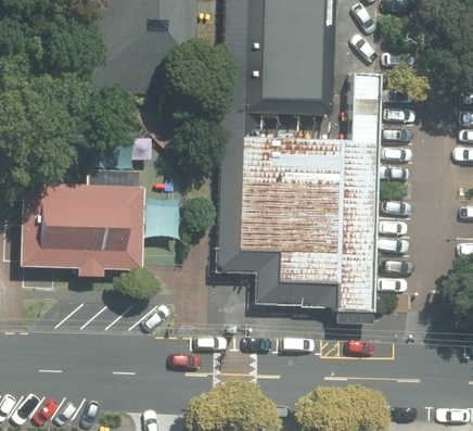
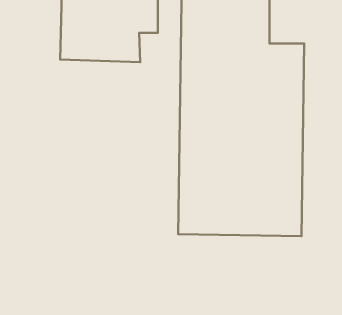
building: [23,185,146,270] -> none

